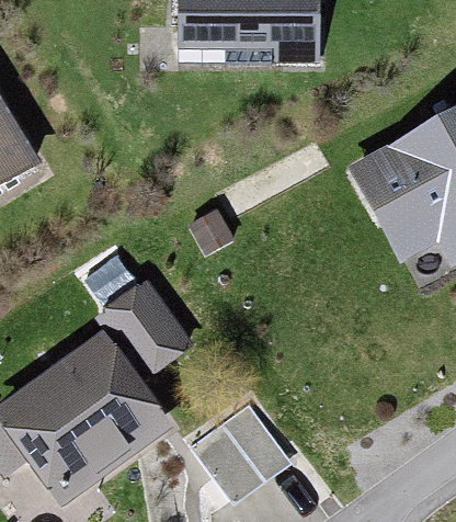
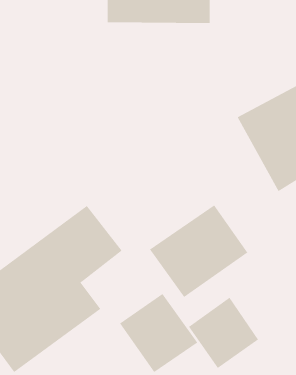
building: none -> [149,204,248,298]
building: none -> [188,297,259,369]

